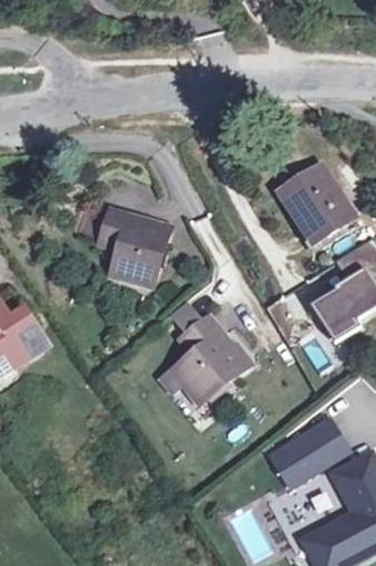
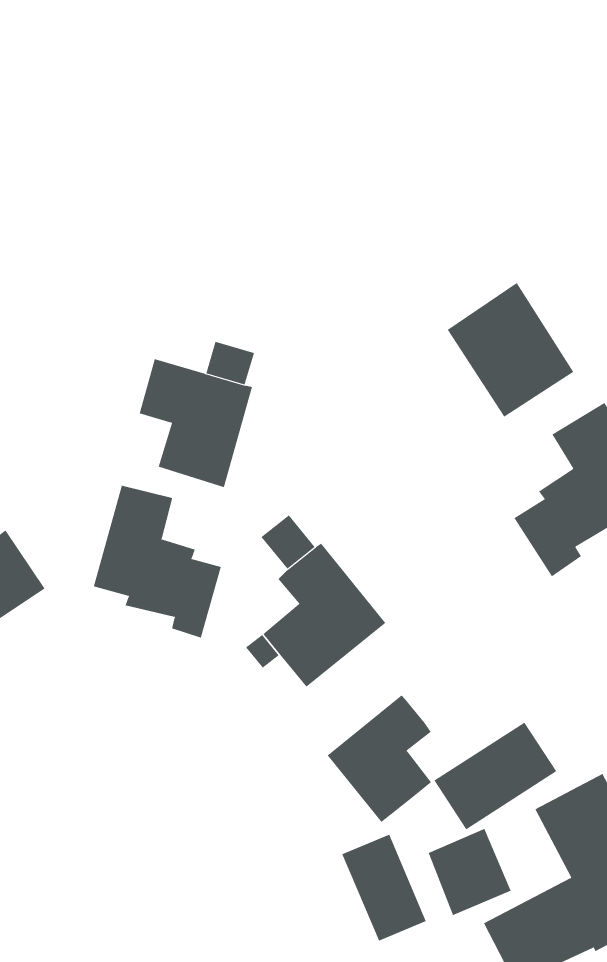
building: none -> [93,485,222,639]
building: none -> [327,695,432,823]
building: none -> [342,834,427,941]

